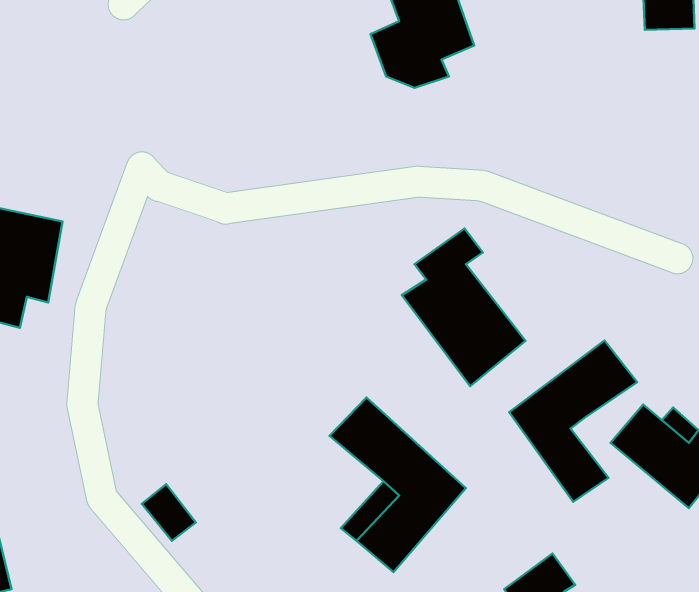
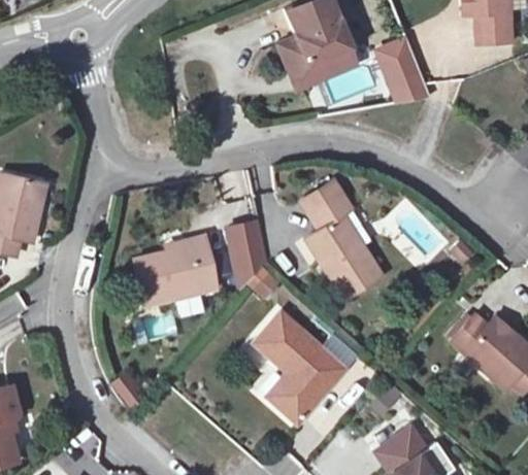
building: none -> [373,38,431,107]
building: none -> [228,220,266,289]
building: none -> [133,233,219,297]
building: [509,341,637,502] -> none

